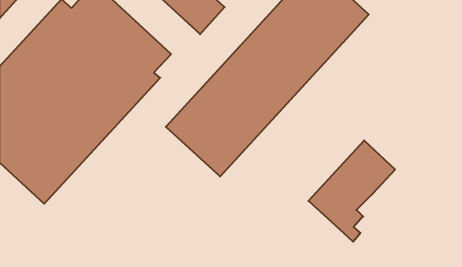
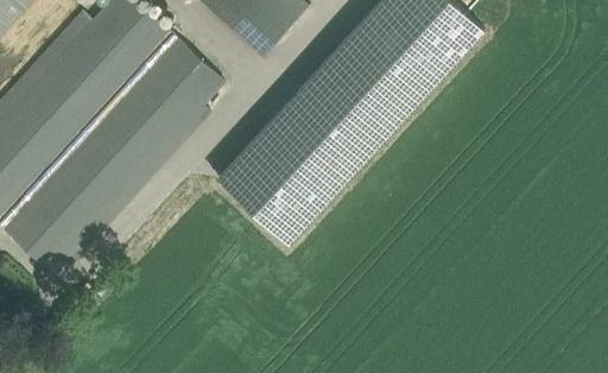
building: [308,140,395,242] -> none

